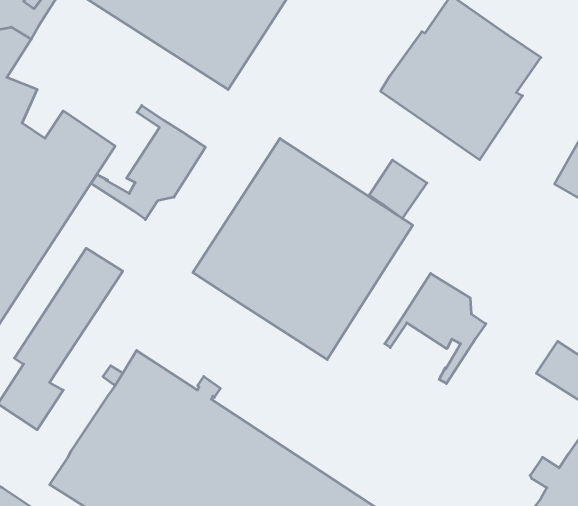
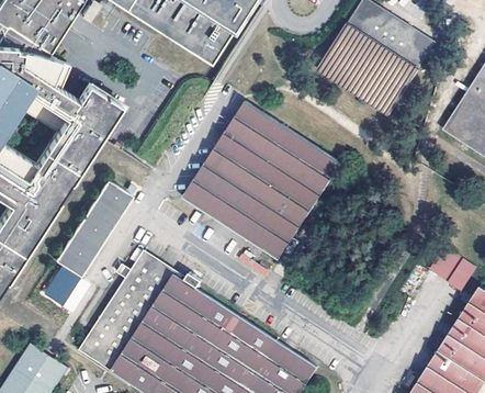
building: [91,105,205,220] -> none
building: [369,160,427,219] -> none
building: [385,273,486,384] -> none

